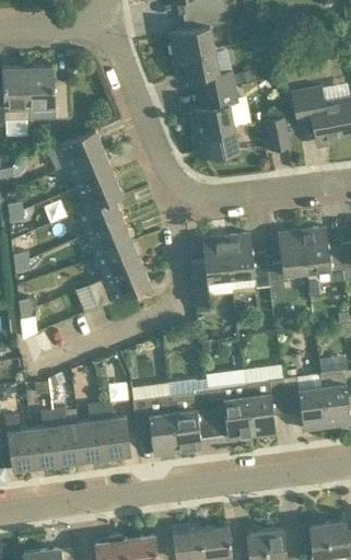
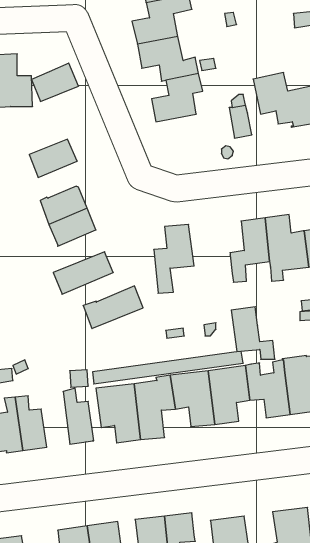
building: [194,127,239,159] -> none
building: [58,129,105,167] -> [32,63,79,101]
building: [75,174,124,211] -> none
building: [226,234,270,287] -> [231,307,275,359]
building: [82,243,142,285] -> [83,286,143,329]
building: [79,405,107,460] -> none

